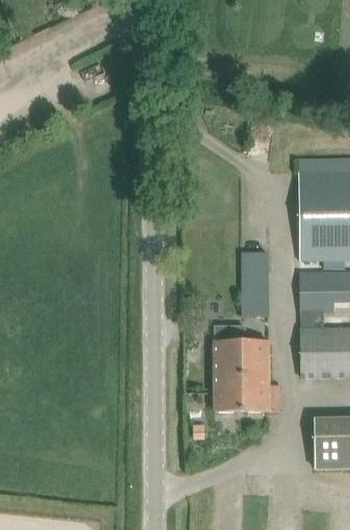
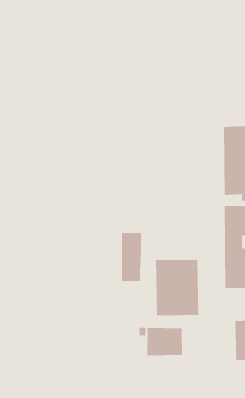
building: [242,251,268,314] -> [121,232,142,282]
building: none -> [147,327,183,356]

